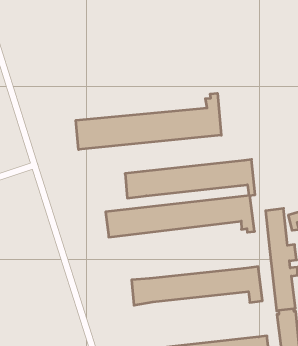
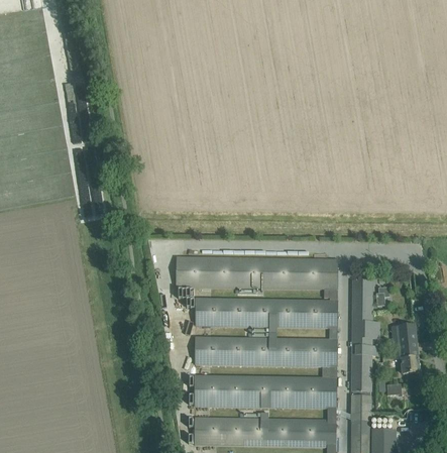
building: [76,93,221,150] -> none
building: [125,159,255,198] -> [195,299,337,340]
building: none -> [193,375,336,418]

